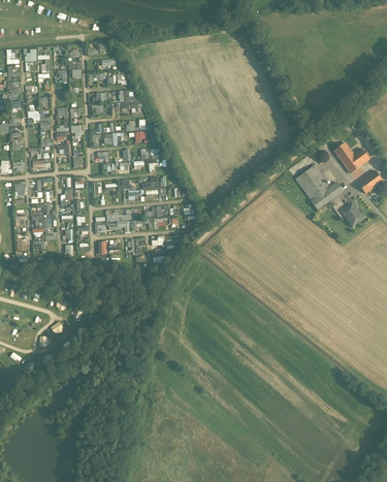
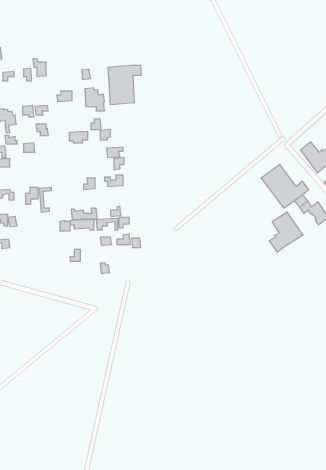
building: none -> [108,65,141,105]
building: none -> [269,212,303,252]

